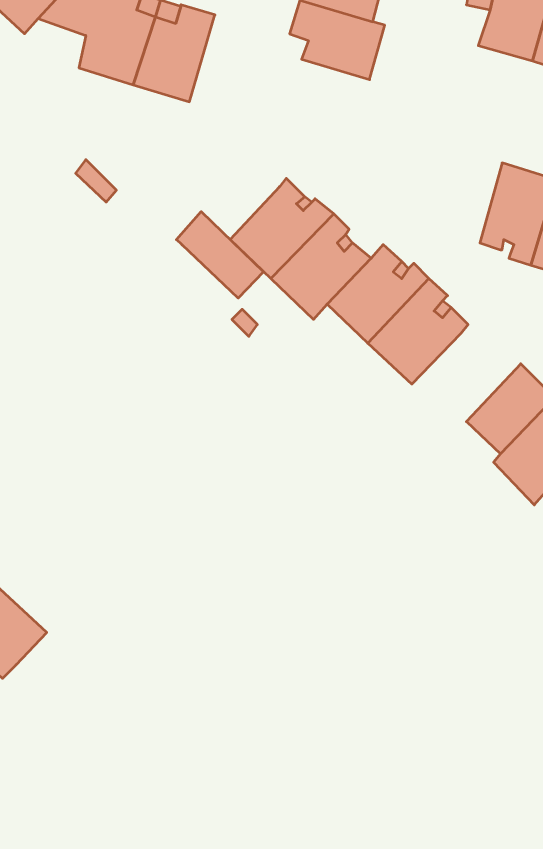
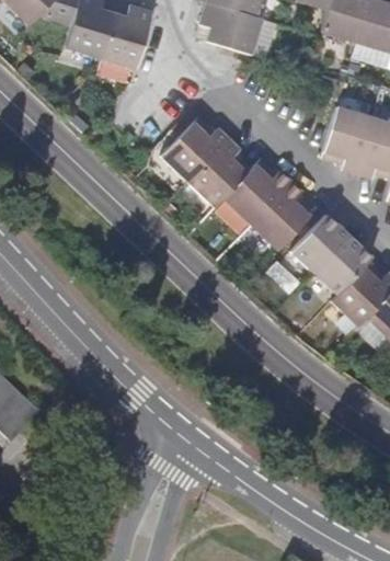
building: [176,212,264,298] -> none
building: none -> [290,218,348,275]

